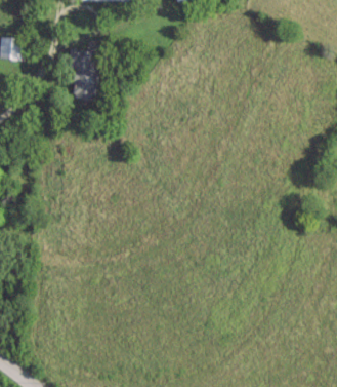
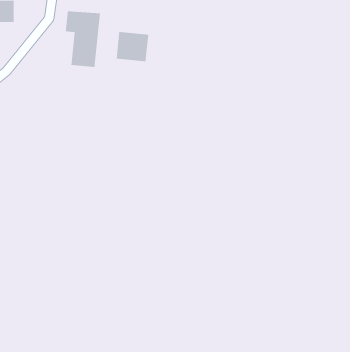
building: none -> [116,31,149,62]

